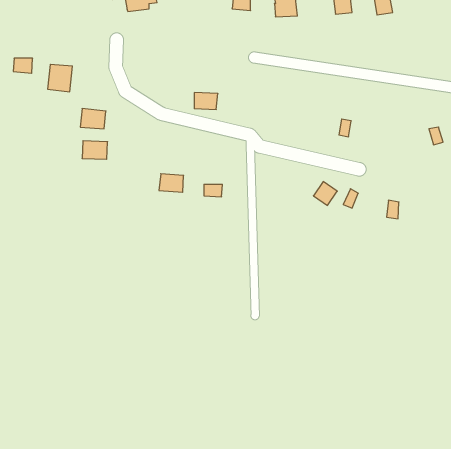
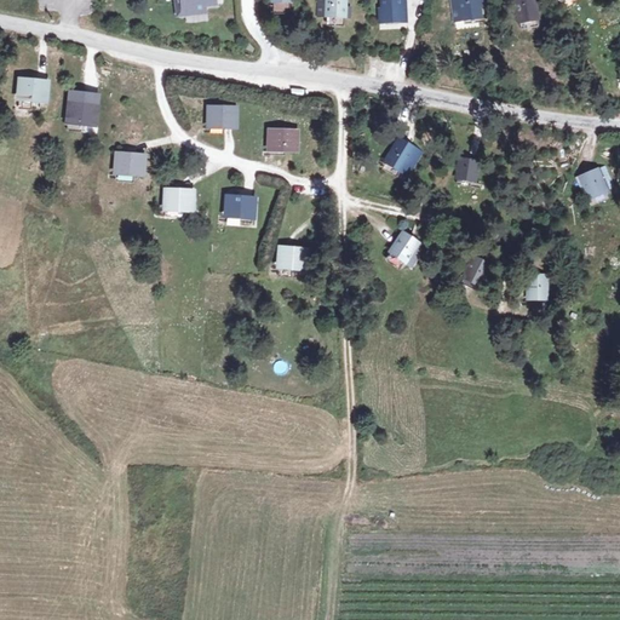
building: none -> [206,104,237,128]
building: none -> [389,142,423,177]
building: [82,141,108,159] -> [161,186,196,212]
building: [159,174,184,192] -> [223,193,257,218]
building: [313,182,337,205] -> [394,234,426,266]

